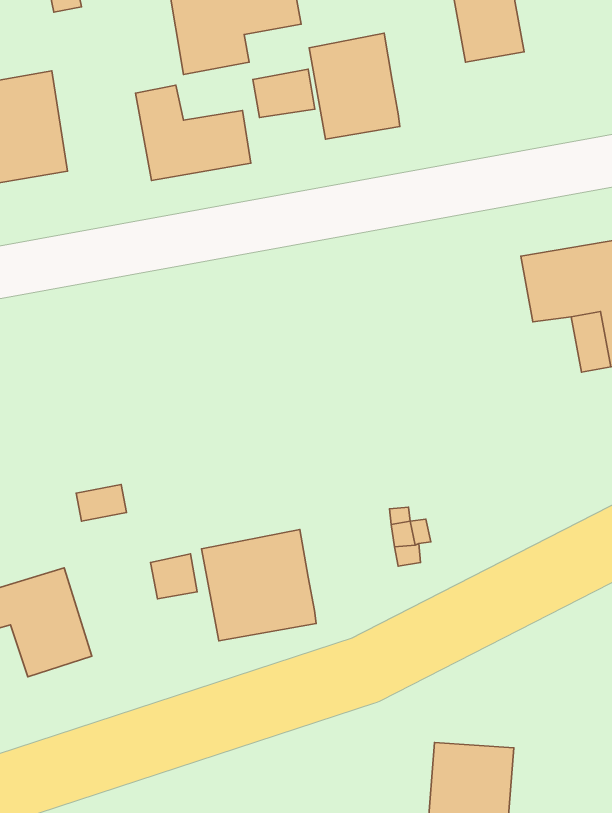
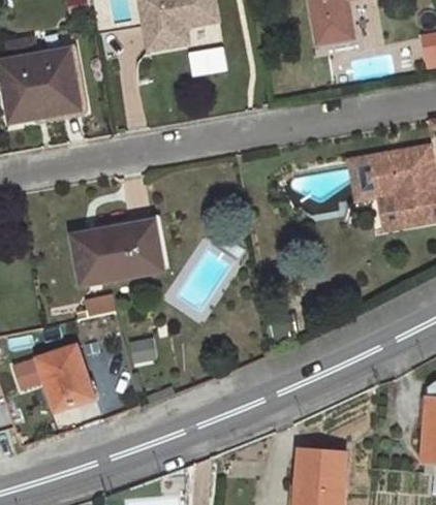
building: [309,33,400,139] -> none
building: [135,85,251,181] -> none
building: none -> [73,221,163,283]
building: [202,530,316,641] -> none

